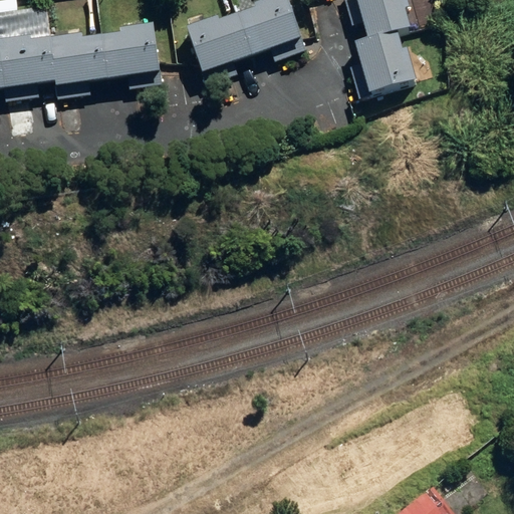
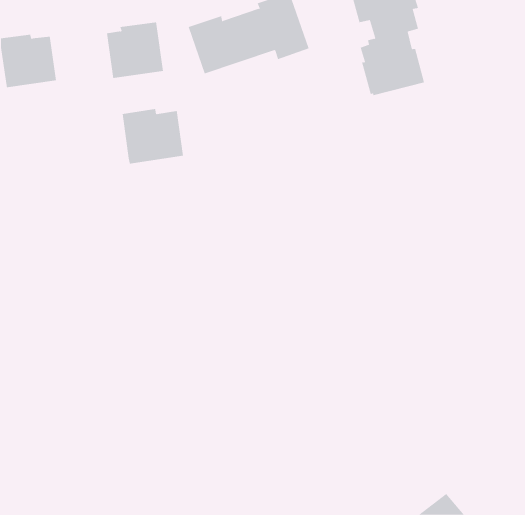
building: [51,30,111,84] -> [122,109,184,164]

